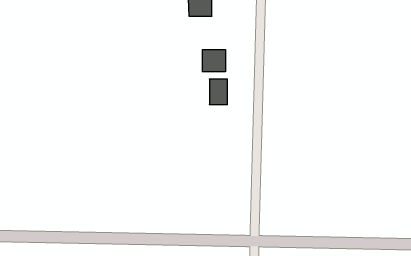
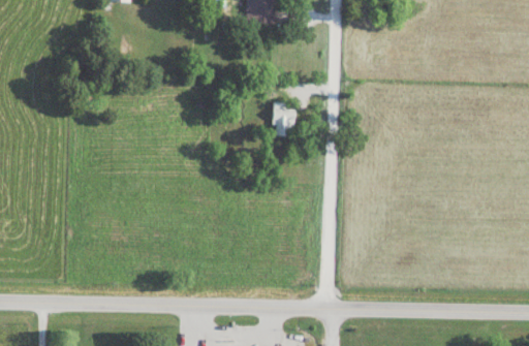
building: [202,50,225,72] -> none

